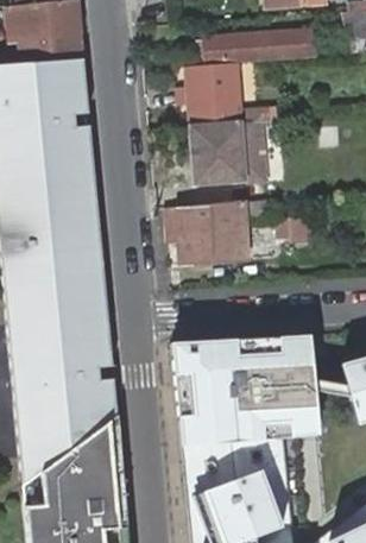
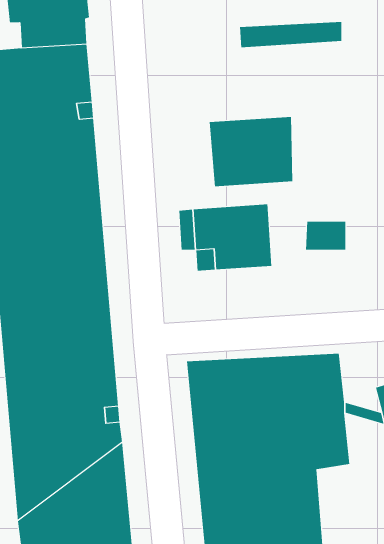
building: [188,63,278,127] -> none

